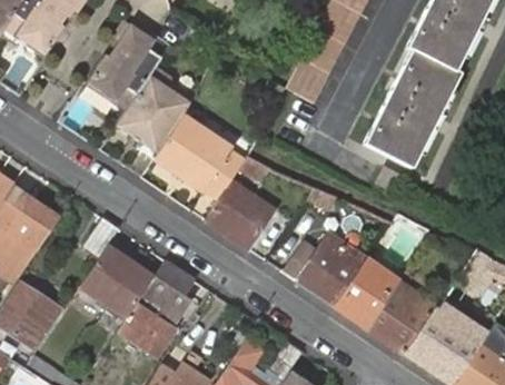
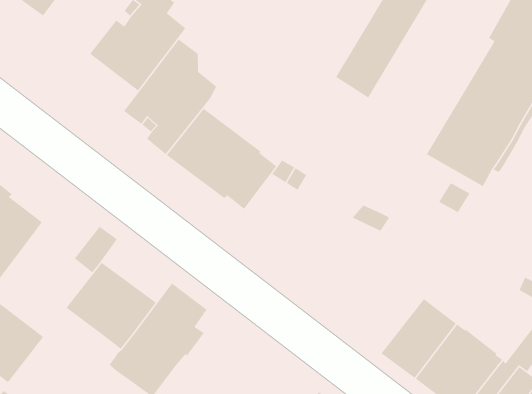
building: [205,181,274,248] -> none
building: [283,234,368,307] -> none

